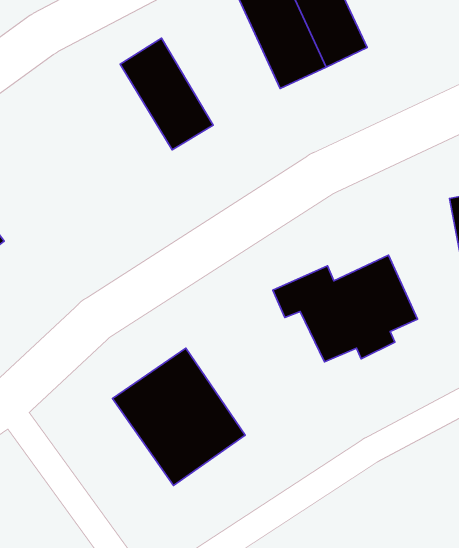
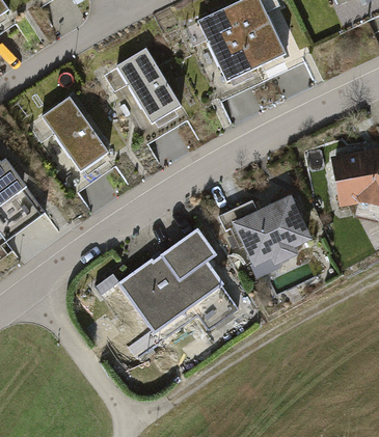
building: none -> [36,95,102,170]
building: none -> [157,226,244,331]

